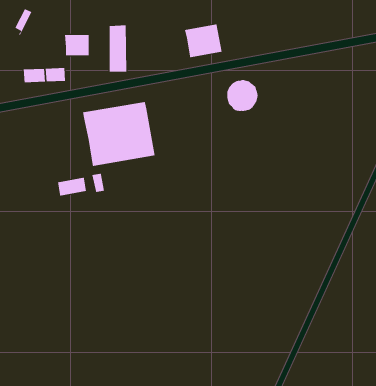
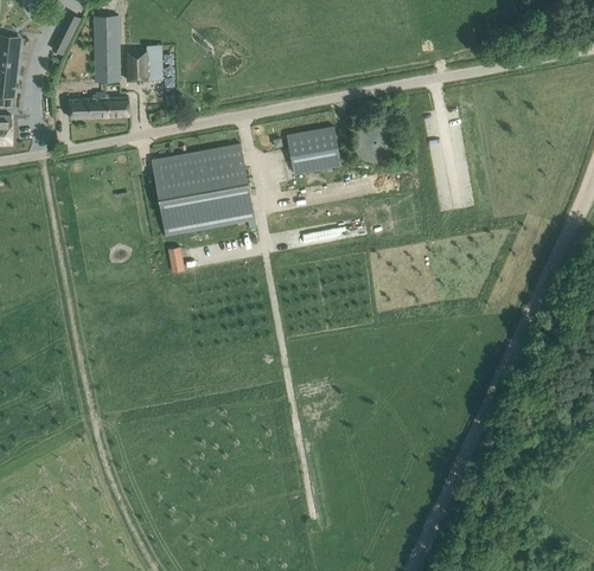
building: [184,24,222,58] -> [286,126,339,173]
building: [109,25,127,72] -> [94,15,120,82]
building: [57,177,87,196] -> none

